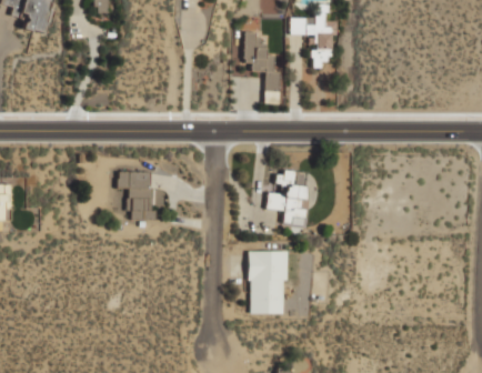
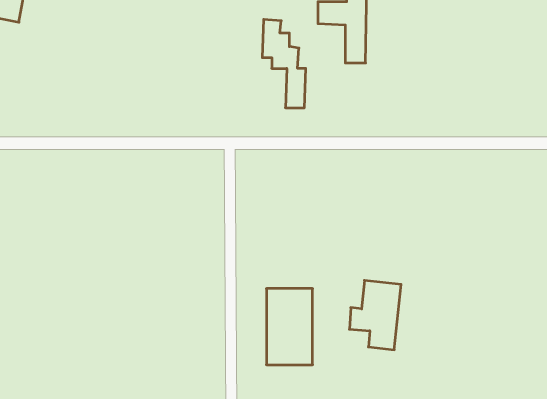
building: [117,170,152,220] -> none
building: [267,170,309,226] -> [349,280,401,350]

